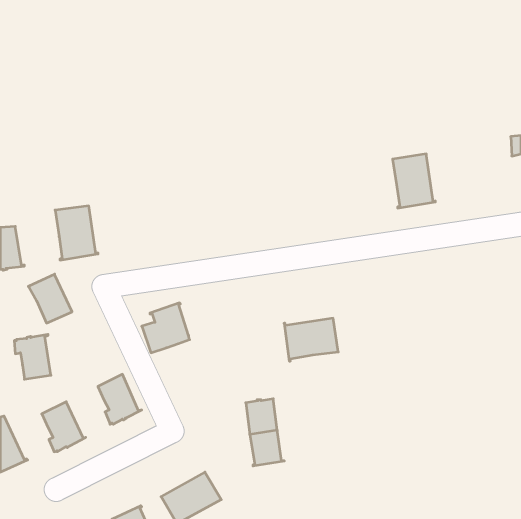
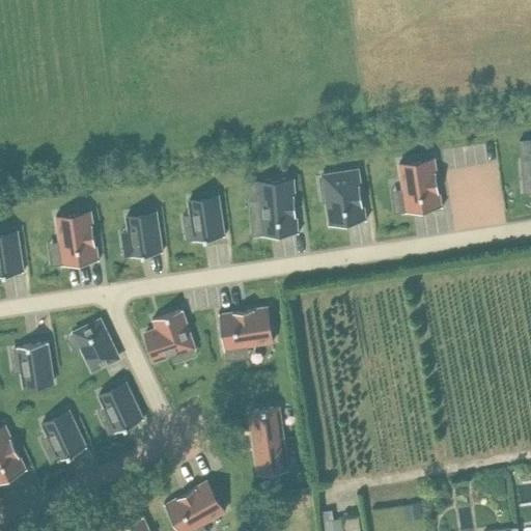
building: none -> [326,171,367,227]
building: none -> [248,178,299,236]
building: none -> [189,196,225,242]
building: none -> [127,212,163,257]
building: [28,274,72,323] -> [74,320,118,370]
building: [284,318,338,361] -> [219,308,274,352]

